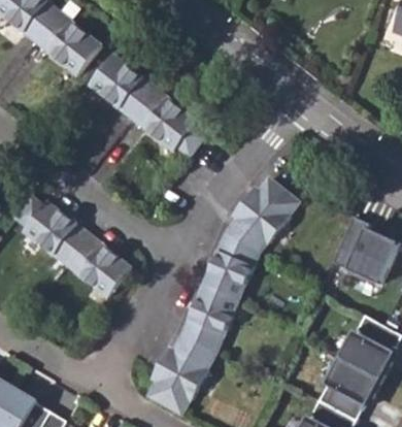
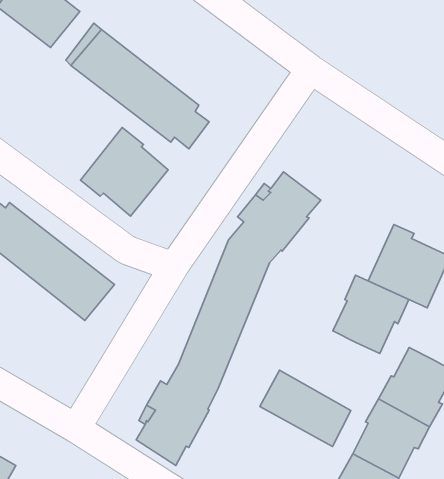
building: none -> [81,128,168,216]
building: none -> [333,275,409,353]
building: none -> [260,370,351,447]

